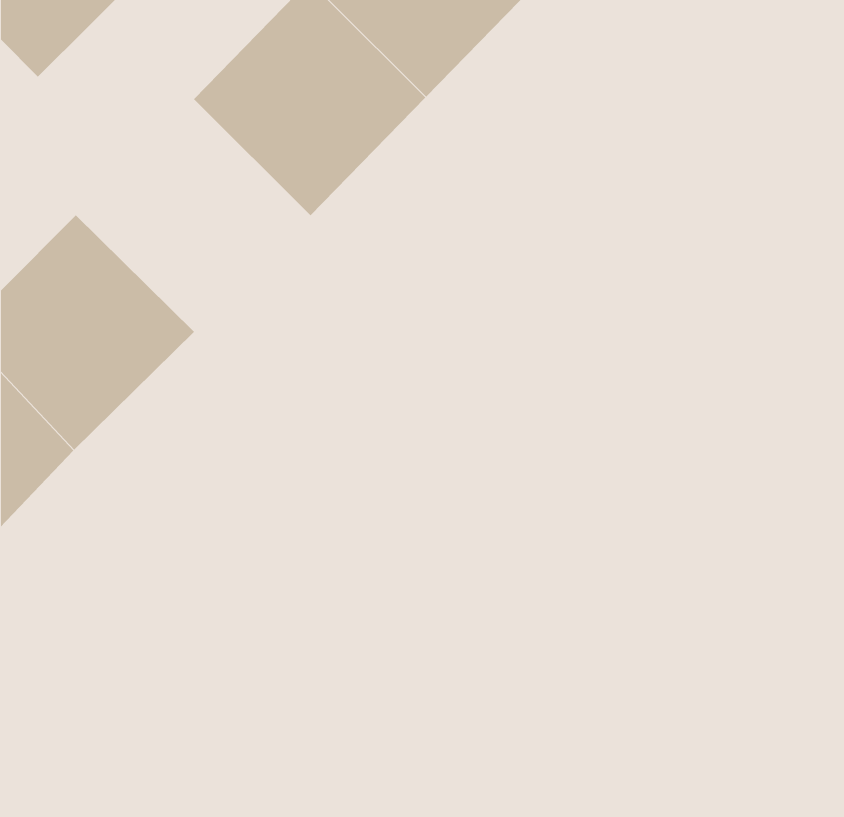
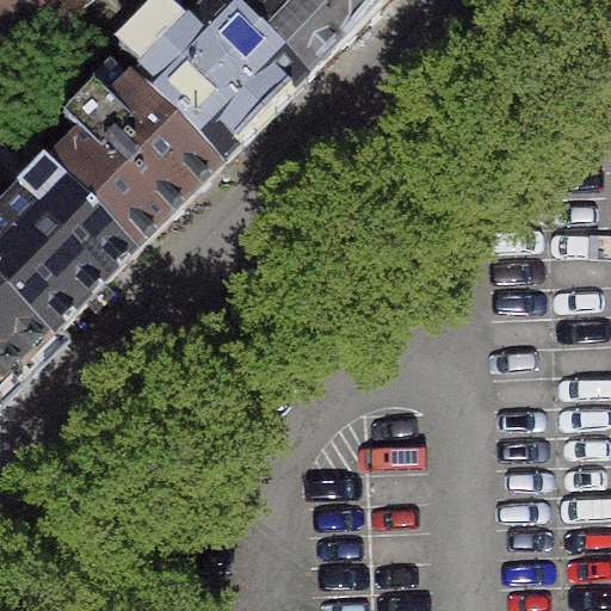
building: none -> [55,72,224,240]

